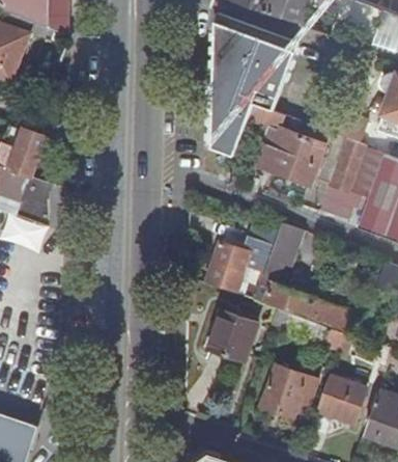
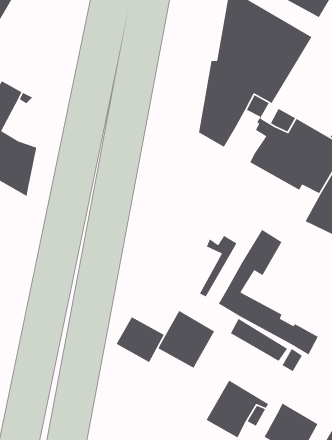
building: [205,243,248,292] -> none
building: none -> [116,316,165,363]

